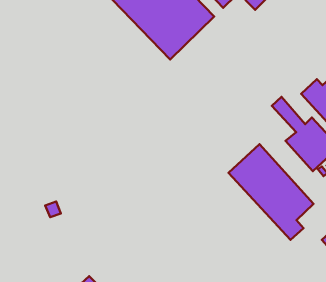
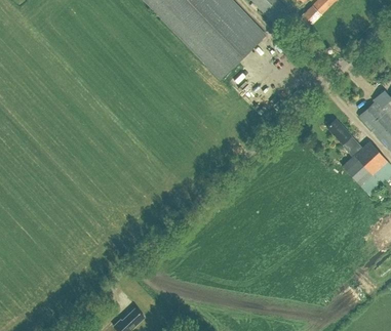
building: [228,144,314,240] -> none

